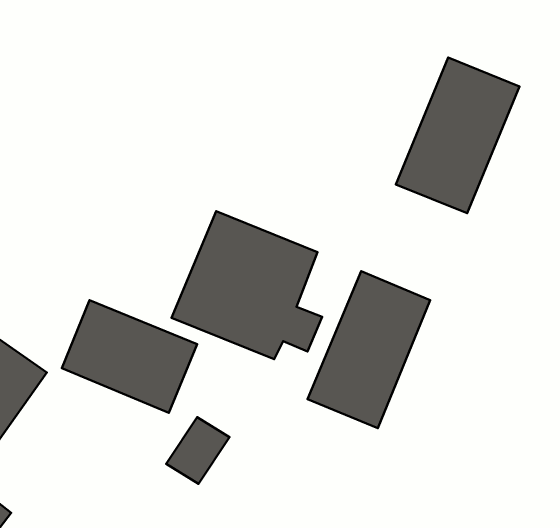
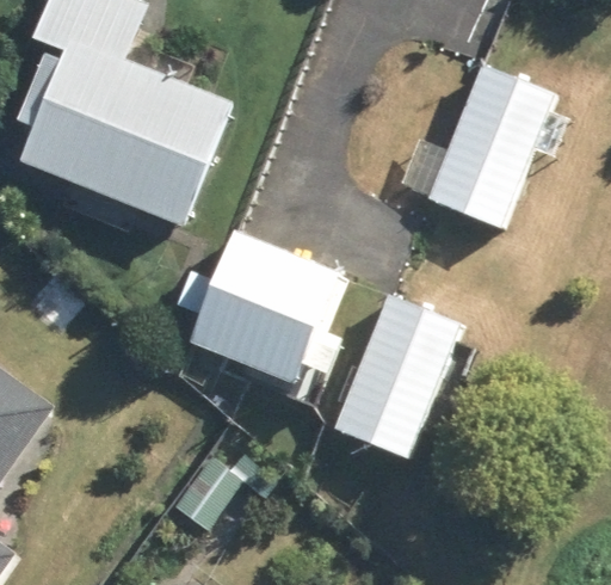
building: none -> [16,36,235,227]
building: [62,300,197,413] -> none

